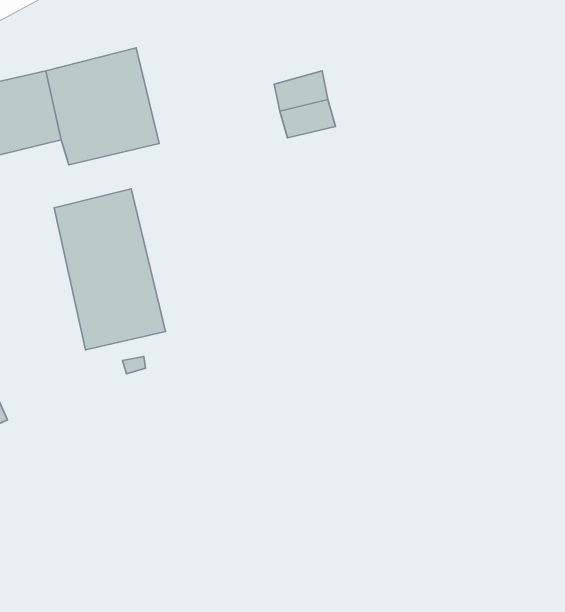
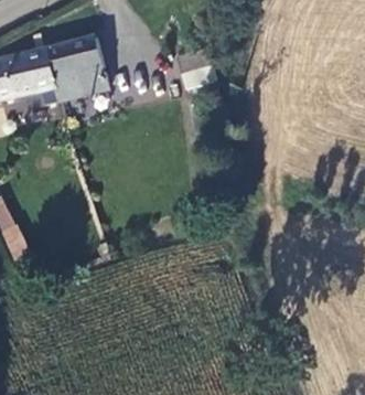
building: [54,189,165,350] -> none

